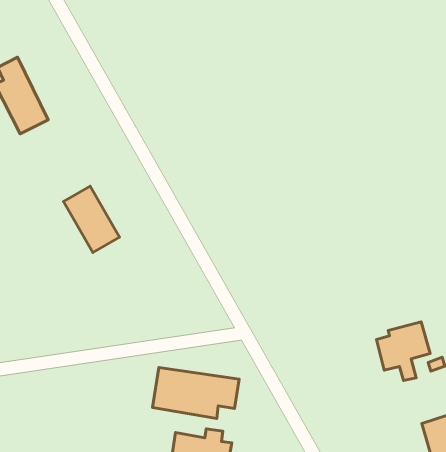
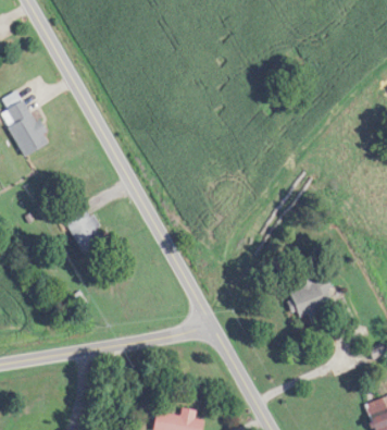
building: [377,322,430,380] -> [289,275,335,325]
building: [152,367,239,418] -> none

